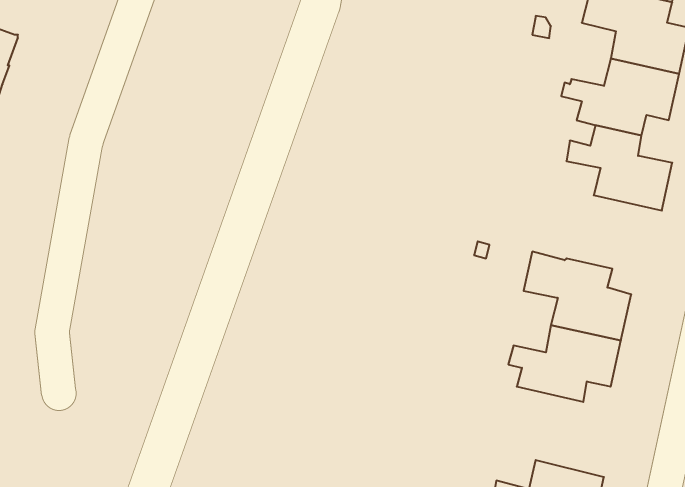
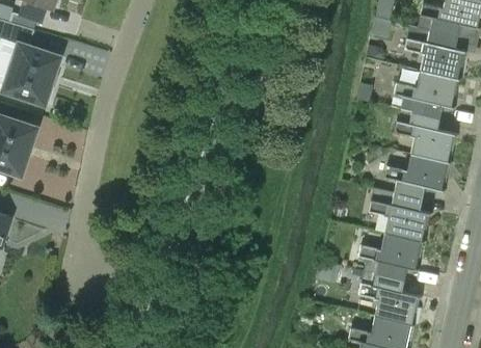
building: none -> [383,154,451,198]
building: none -> [357,270,422,325]

